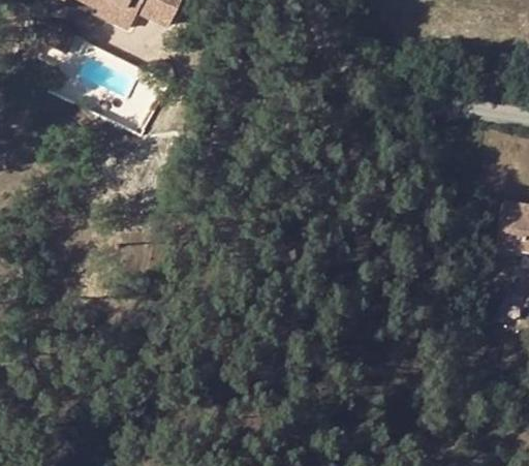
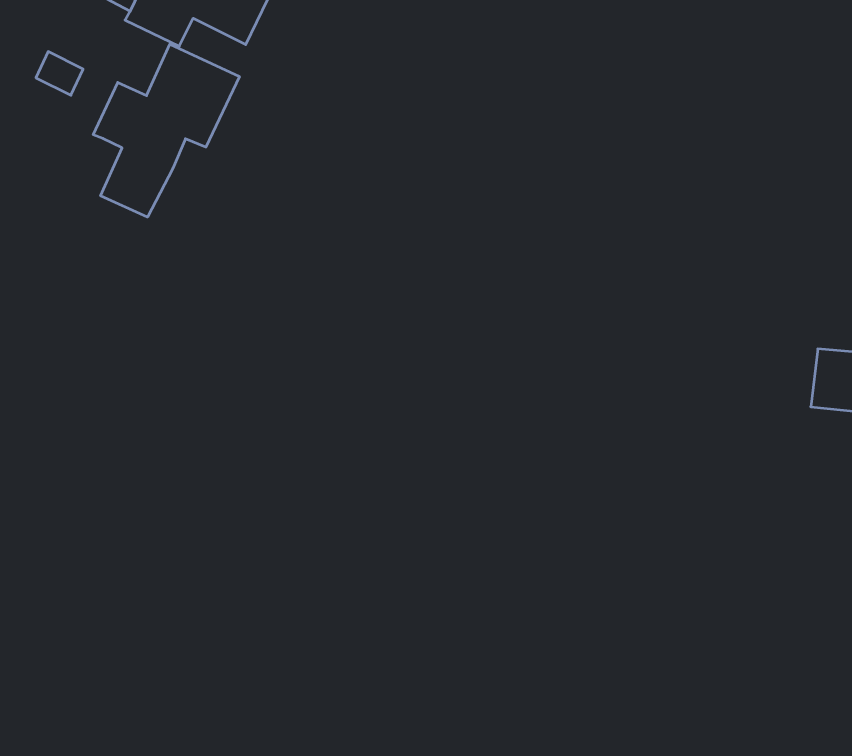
building: none -> [93,44,239,217]

